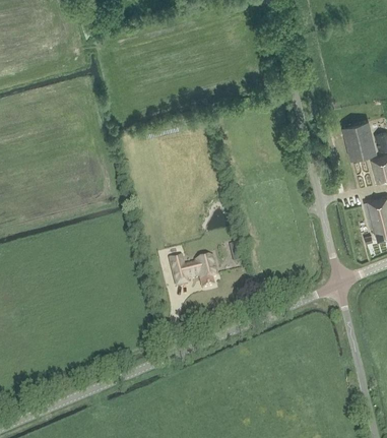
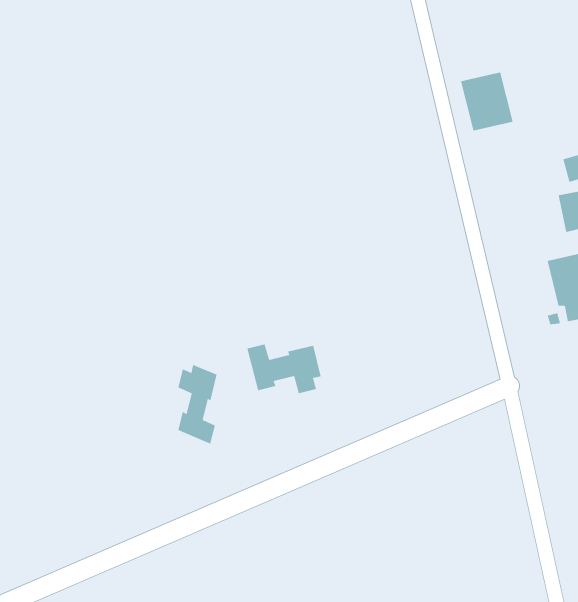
building: [341,121,376,160] -> [460,72,513,131]
building: none -> [178,364,217,445]

